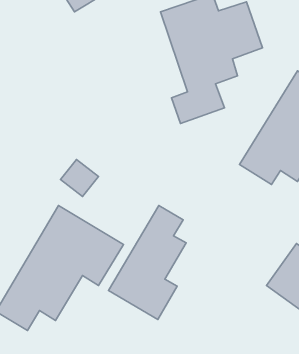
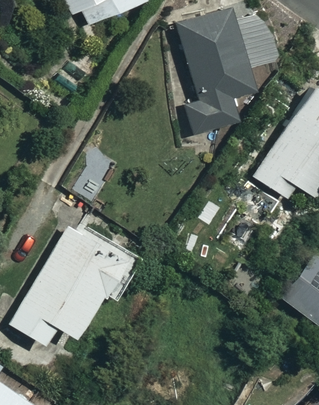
building: [108,205,186,319] -> none

